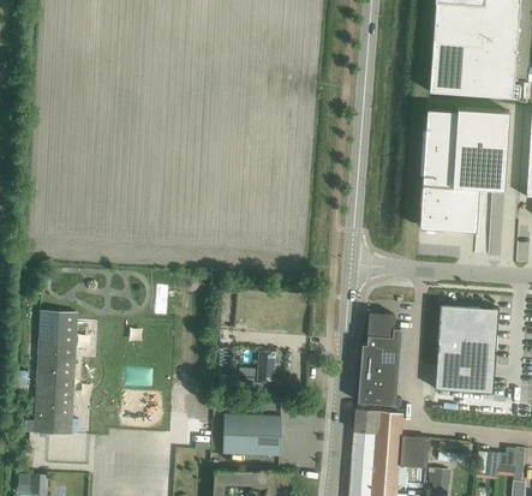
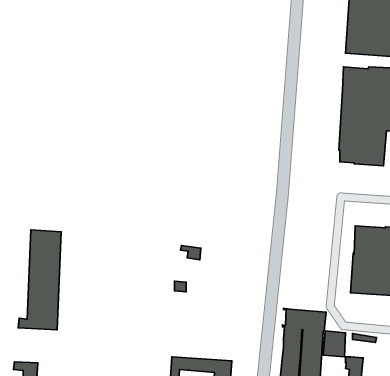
building: [357,312,401,405] -> none
building: [263,351,283,383] -> none
building: [222,414,281,456] -> none

